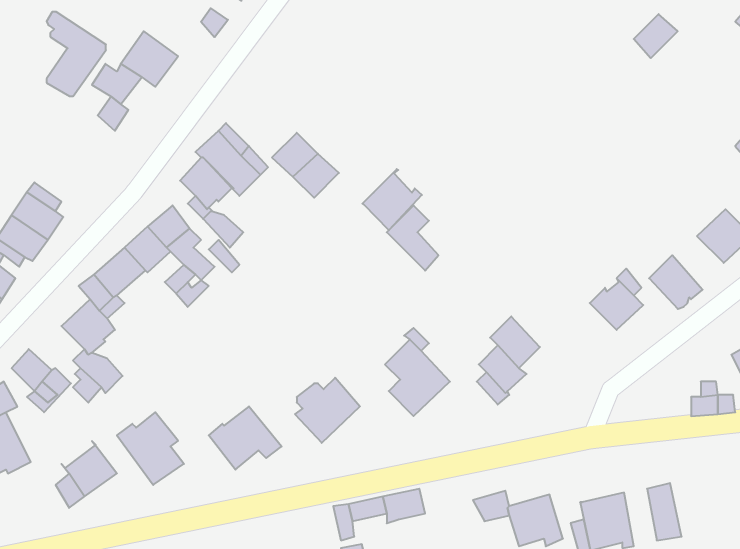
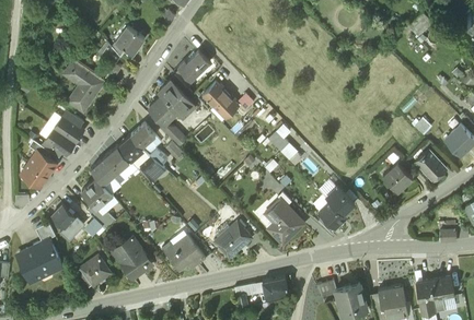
building: [47,12,106,96] -> [68,59,102,107]
building: none -> [177,49,210,79]
building: [362,169,422,230] -> none
building: none -> [429,275,454,309]

